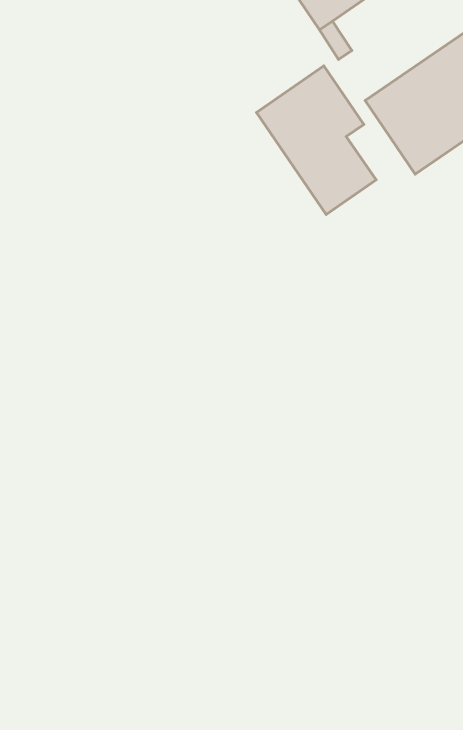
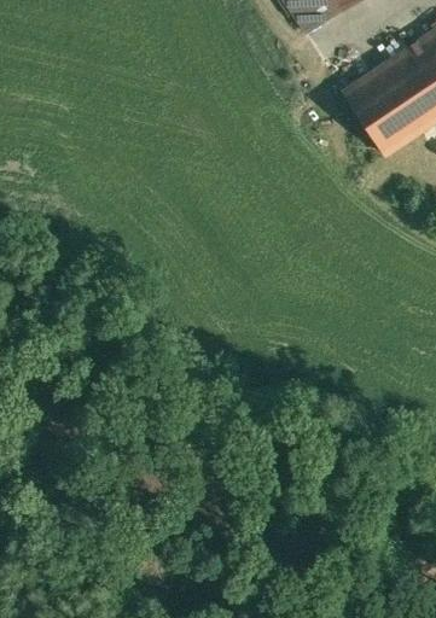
building: [256,66,376,214] -> none

